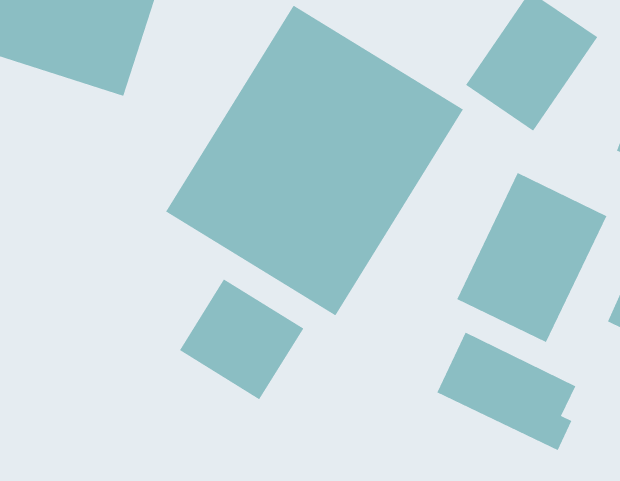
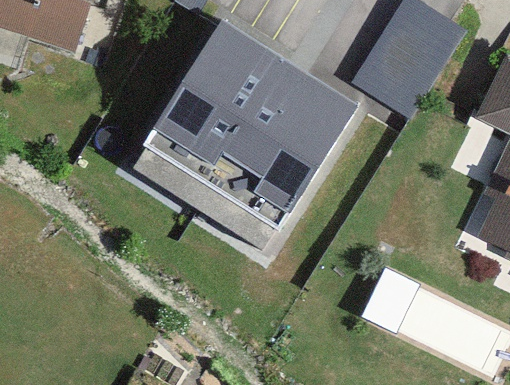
building: [457,172,607,343] -> none
building: [179,279,304,400] -> none

